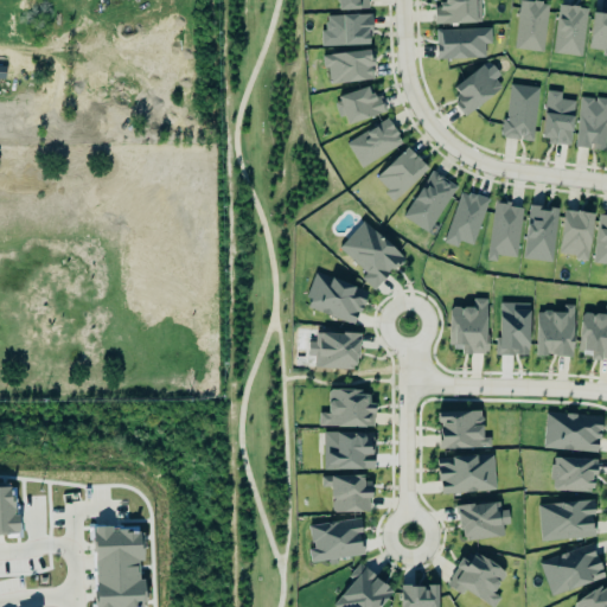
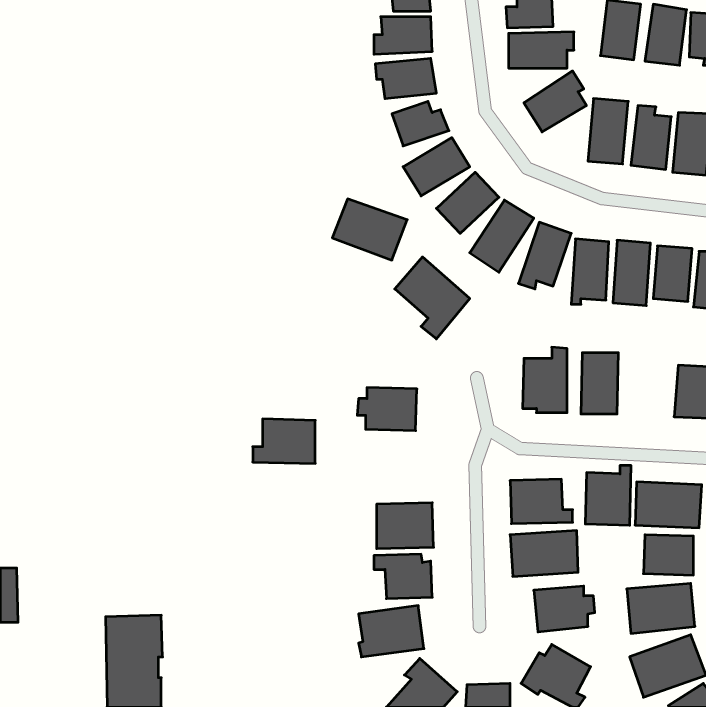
building: [305,271,369,324] -> [332,199,407,260]
building: [536,304,575,354] -> [585,466,631,525]
building: [320,388,373,426] -> [253,419,315,463]

